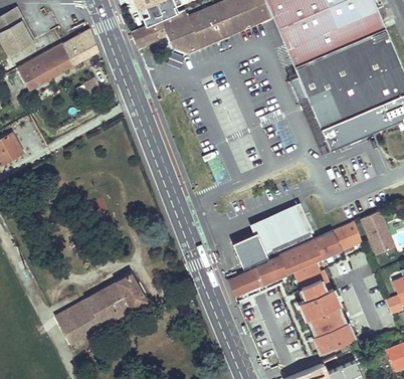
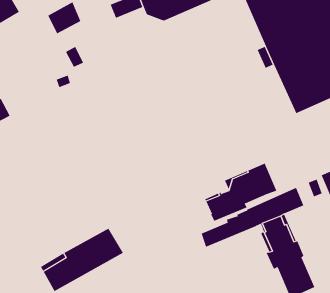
building: [17,42,73,88] -> none

